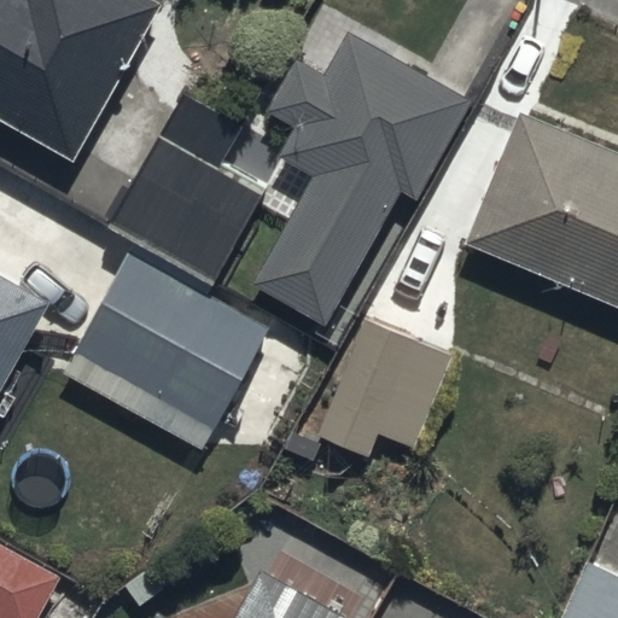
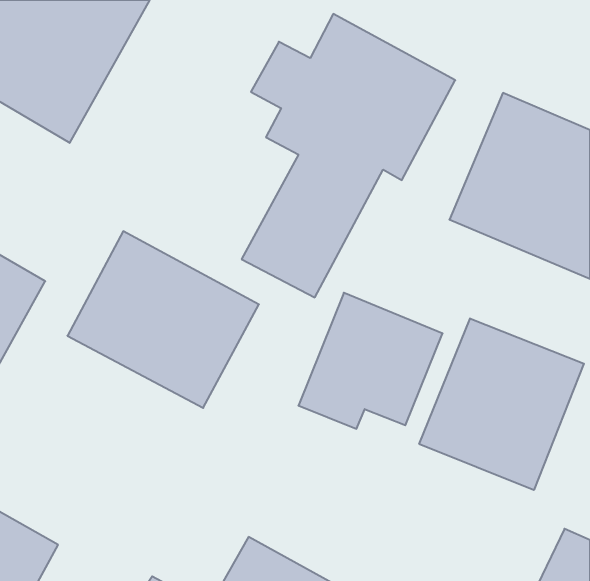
building: [106,76,263,281] -> none
building: none -> [419,318,584,490]

